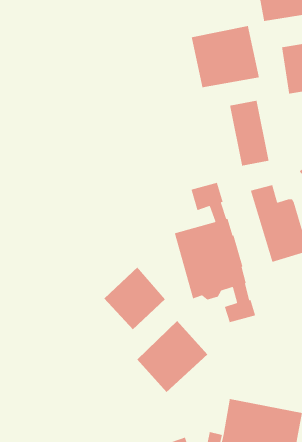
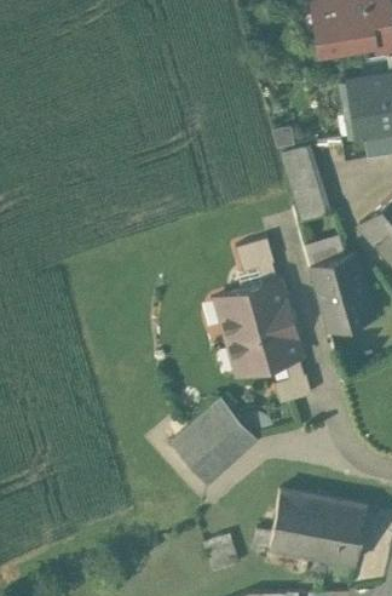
building: [191,25,260,88] -> none
building: [103,267,166,330] -> none

